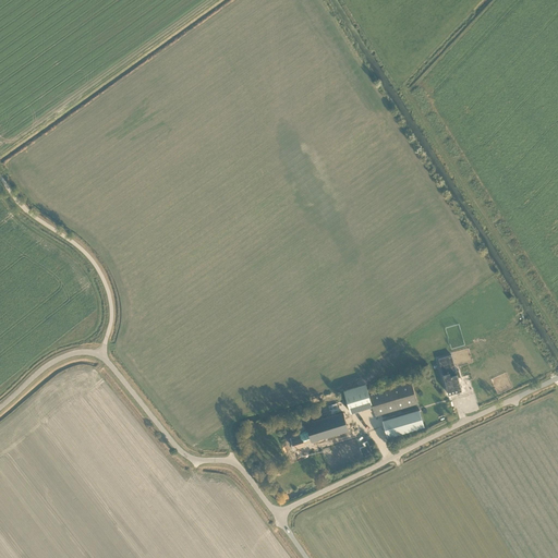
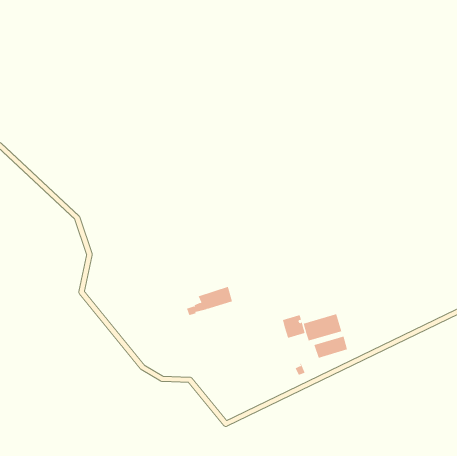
building: [437,356,461,396] -> none
building: [291,414,348,450] -> [186,286,233,316]

